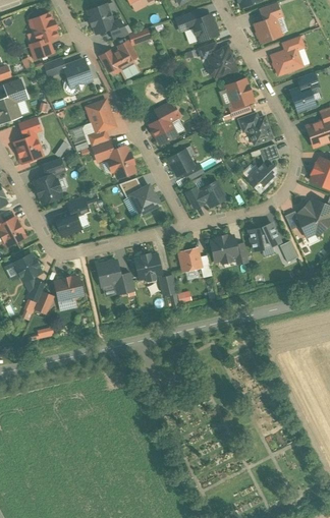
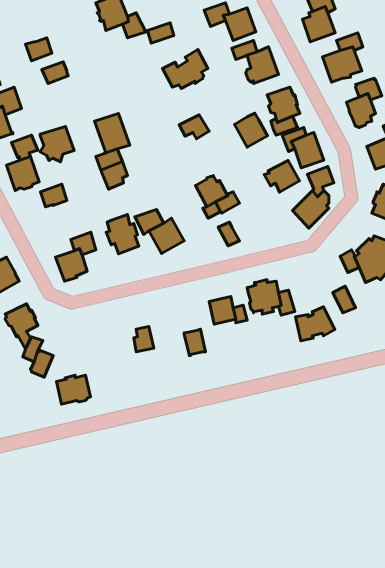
building: [31,14,57,43] -> none
building: [100,41,136,72] -> [162,50,208,89]
building: [64,60,92,89] -> [40,127,74,162]
building: [150,116,176,143] -> [235,113,267,147]
building: [108,147,134,178] -> [106,215,139,254]
building: [35,174,61,203] -> none
building: [198,181,226,207] -> [264,161,300,192]
building: [249,223,280,250] -> [296,307,335,341]
building: [133,252,162,283] -> none
building: [97,261,121,286] -> none
building: [55,277,83,300] -> [56,375,90,404]

